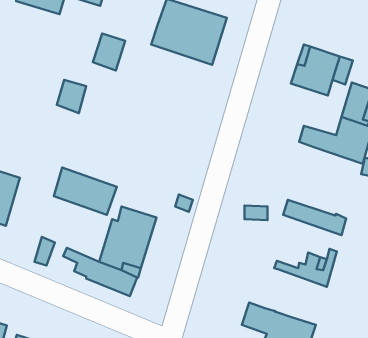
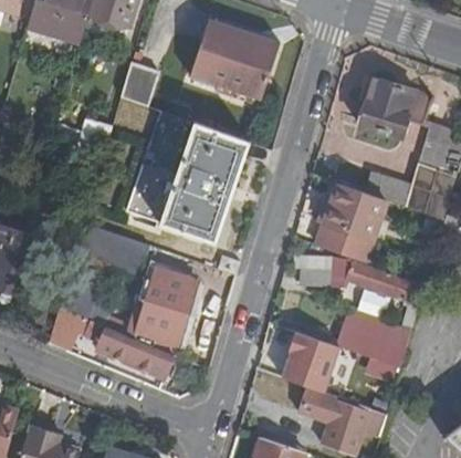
building: none -> [126,112,249,241]
building: none -> [315,183,384,261]
building: none -> [281,331,340,392]

